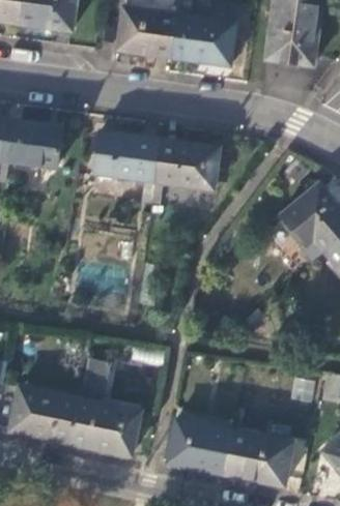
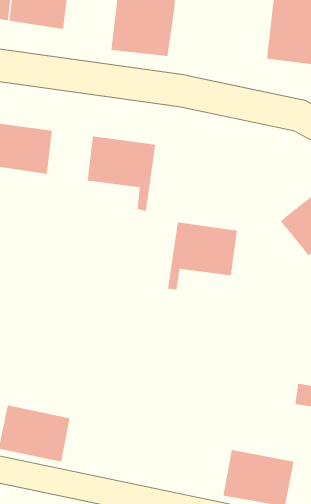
building: [172,13,237,66] -> none
building: [151,141,219,206] -> [167,222,238,290]
building: [70,360,140,455] -> none
building: [168,421,232,475] -> none

